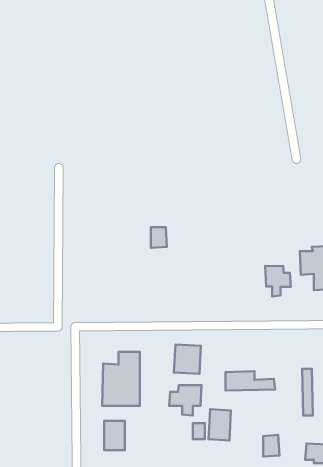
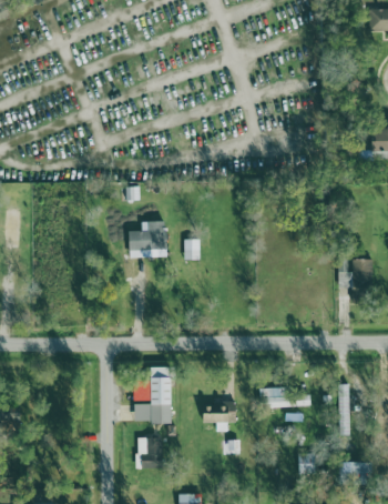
building: none -> [130,220,167,256]
building: [265,266,291,296] -> none
building: [174,345,201,374] -> none
building: [209,409,231,440] -> none

